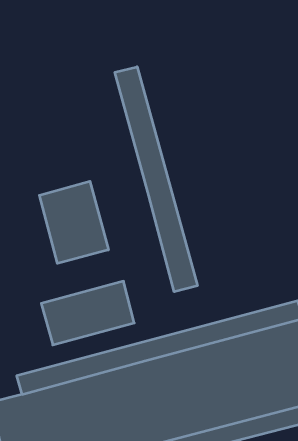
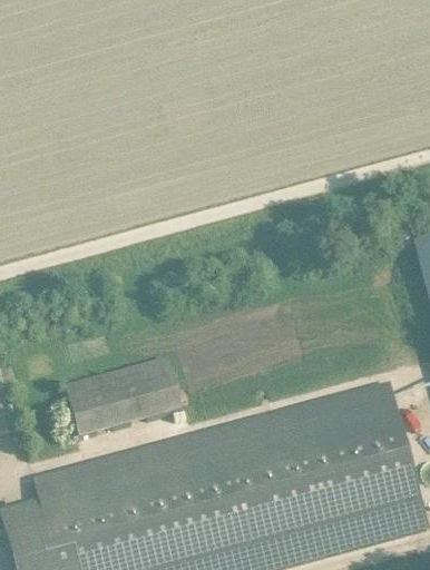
building: [115,67,197,292] -> none
building: [39,181,108,263] -> none

